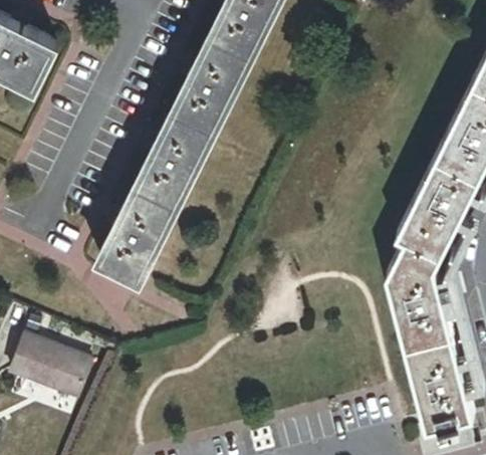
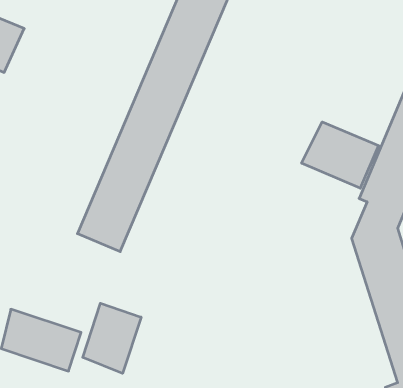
building: none -> [302,122,379,188]
building: none -> [83,303,141,373]

